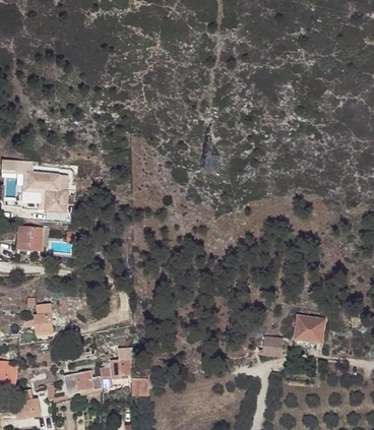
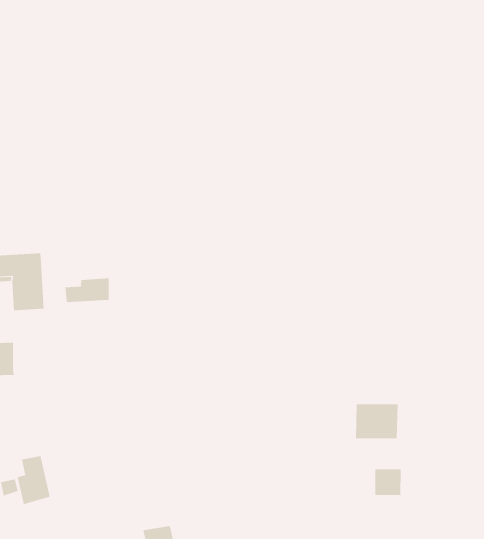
building: none -> [65,278,109,303]
building: [294,317,324,343] -> [355,404,398,439]

